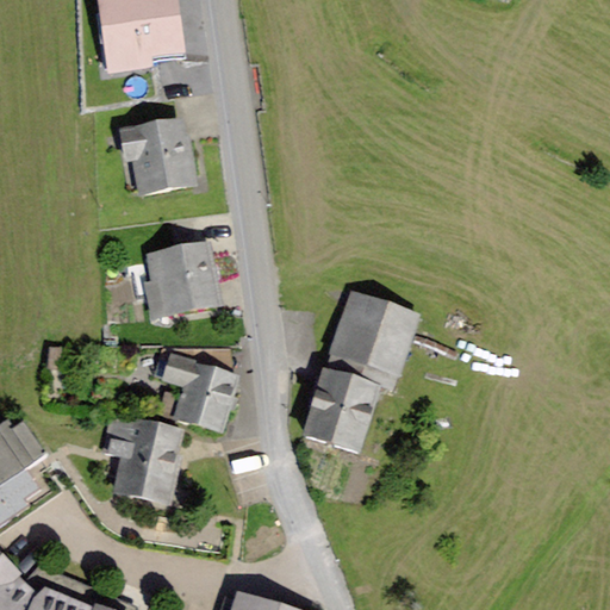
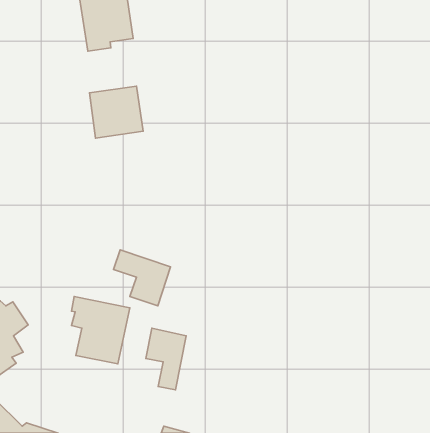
building: [147,243,222,315] -> none
building: [299,288,411,454] -> none
building: none -> [146,328,186,390]

